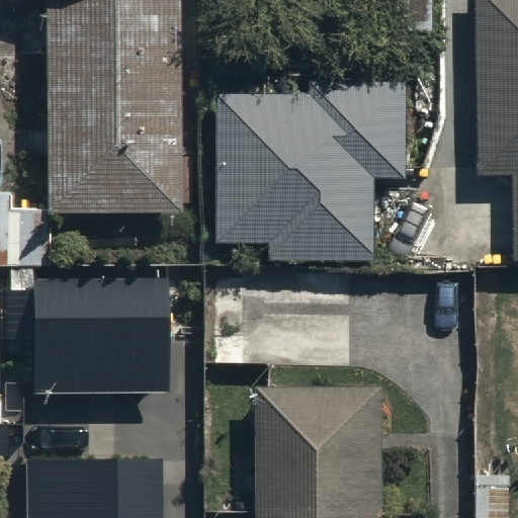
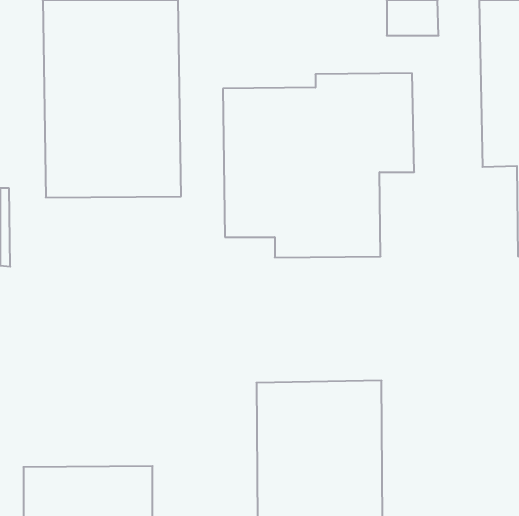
building: [31,287,158,395] -> none

